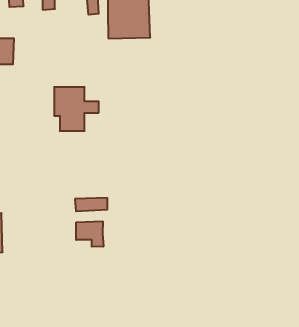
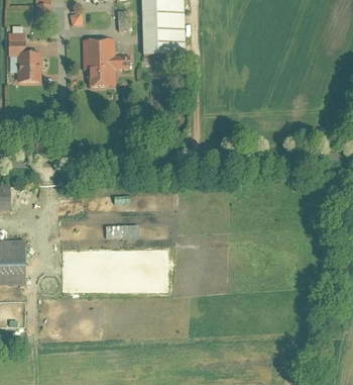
building: [54,87,99,131] -> [82,40,129,87]
building: [76,221,103,247] -> none

